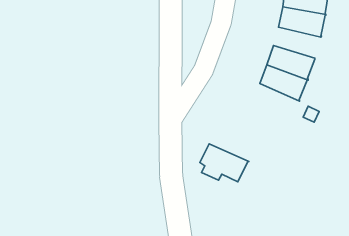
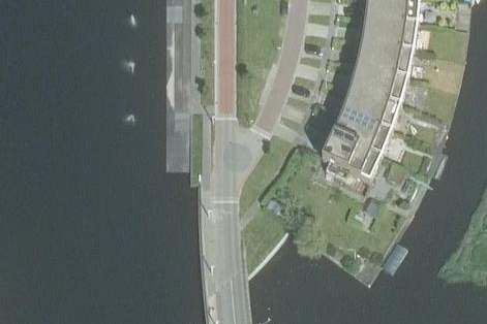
building: none -> [351,59,408,97]
building: [200,144,249,182] -> [323,128,383,174]

